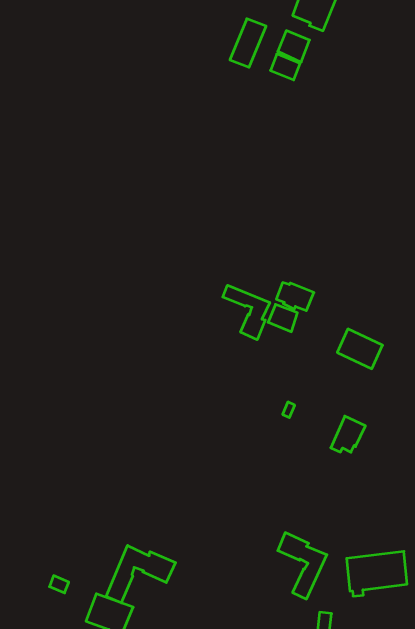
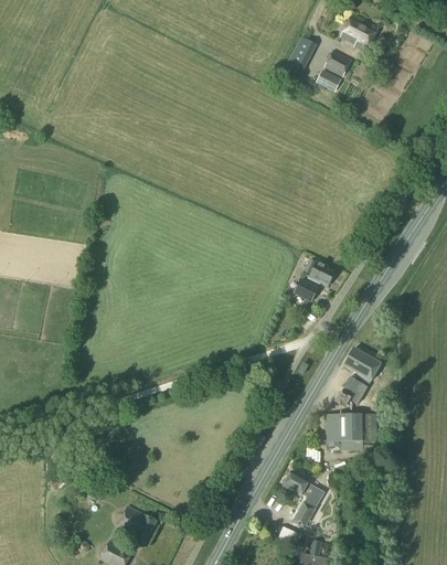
building: [223,285,270,340] -> none
building: [337,329,383,369] -> [342,348,381,383]
building: [106,545,176,603] -> none
building: [347,551,407,596] -> [328,413,376,446]

